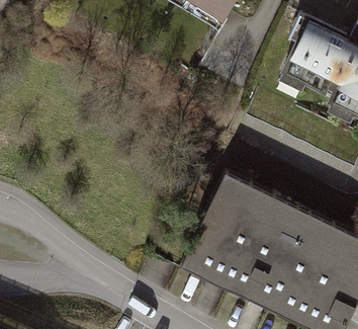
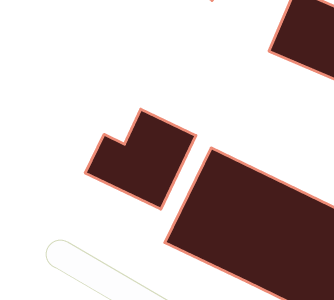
building: none -> [85,109,196,209]

